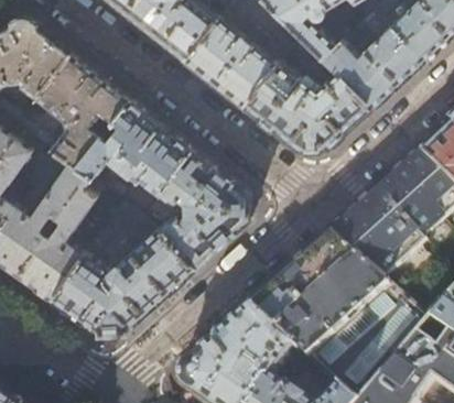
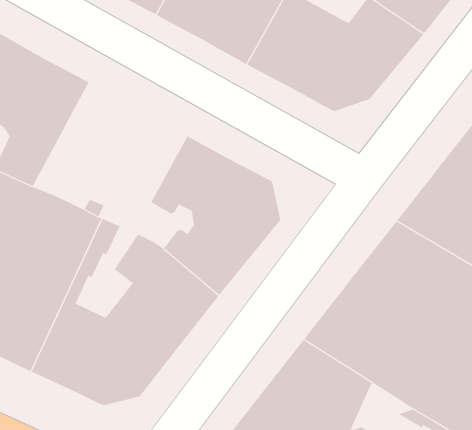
building: [75,99,191,193] -> none

